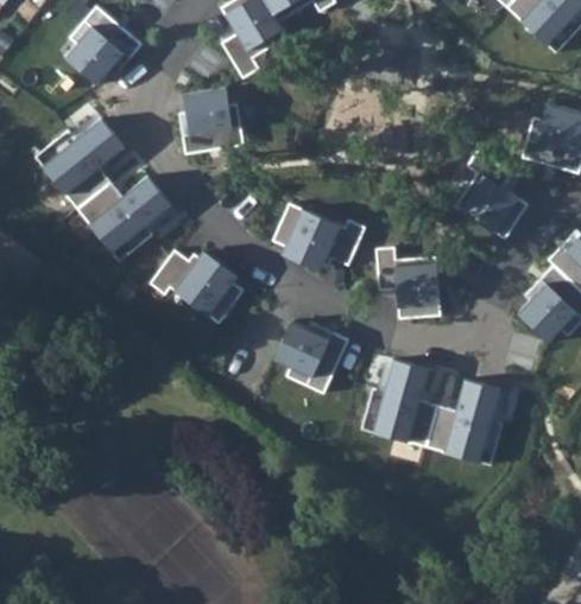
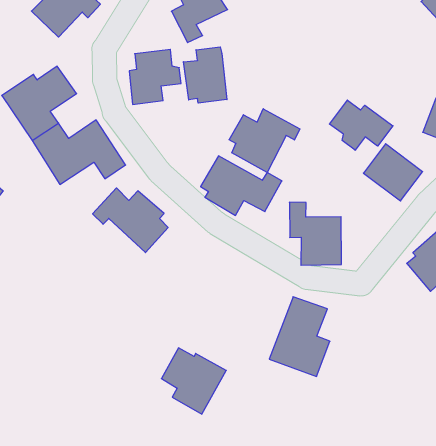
building: none -> [183,47,227,103]
building: none -> [329,100,393,150]
building: none -> [229,109,300,172]
building: [273,319,347,393] -> [161,348,226,414]
building: [424,379,520,462] -> none

